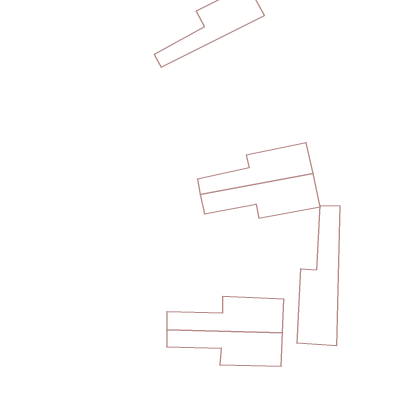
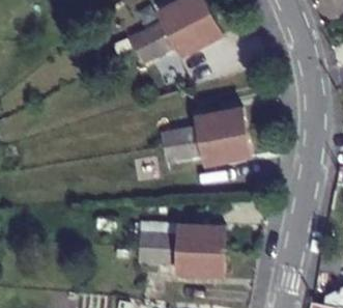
building: none -> [133,13,221,67]
building: [297,206,340,346] -> none

